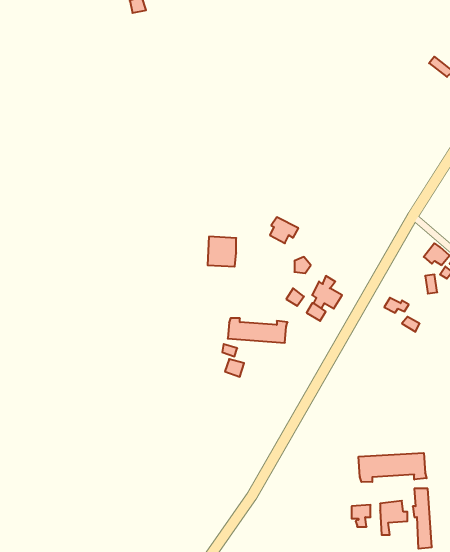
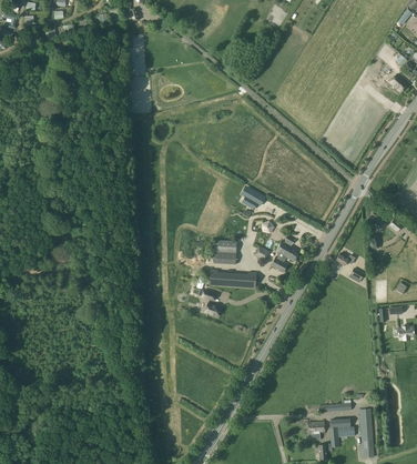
building: [208,237,236,267] -> [214,239,237,263]
building: [359,453,427,482] -> none

